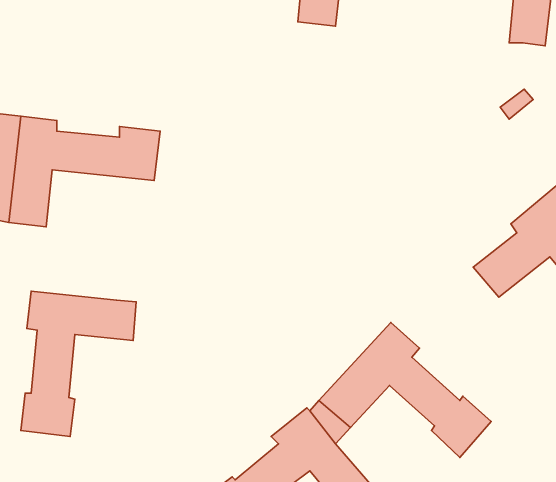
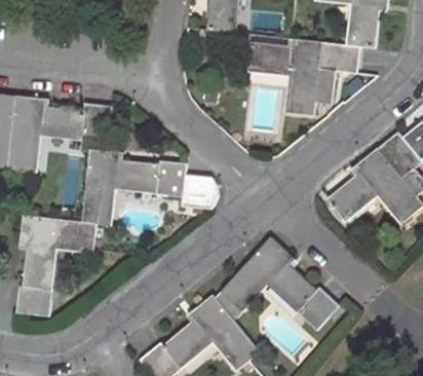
building: none -> [248,40,359,115]
building: none -> [81,150,216,226]

